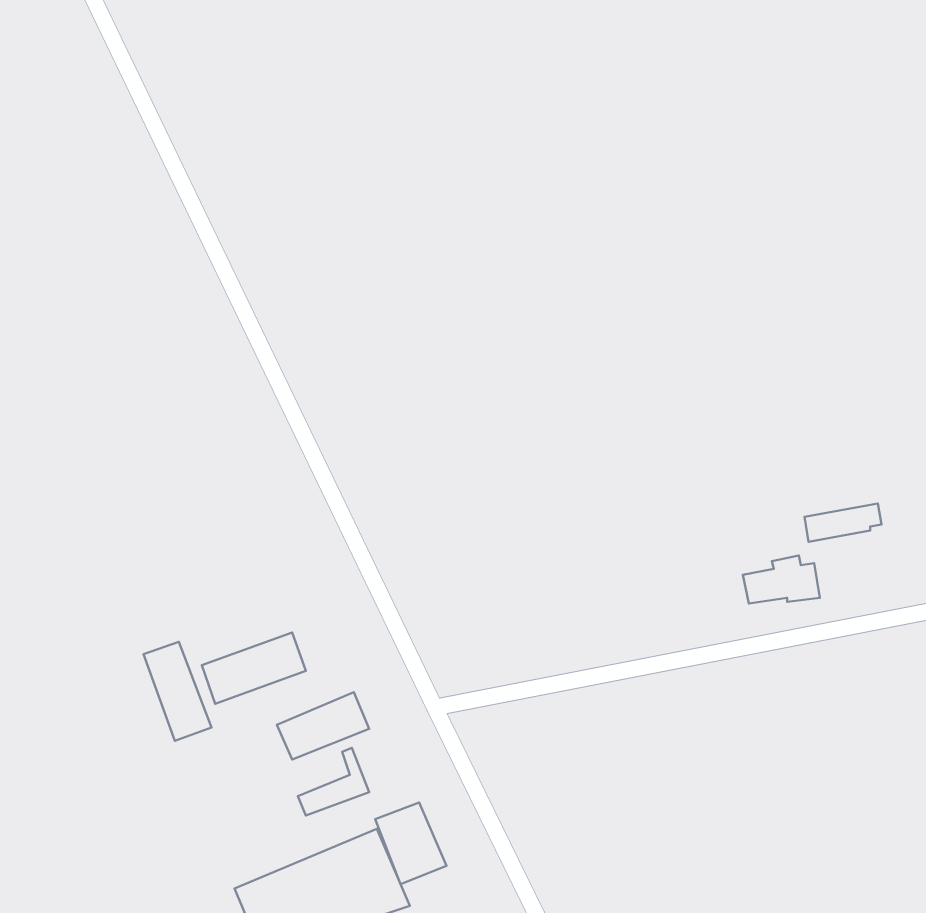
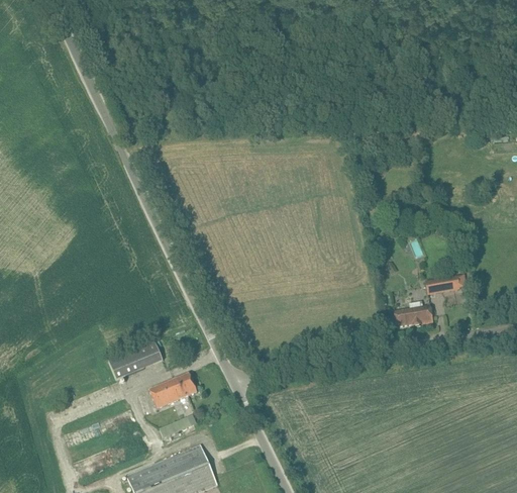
building: [143,642,212,741] -> none
building: [375,802,447,884] -> none

